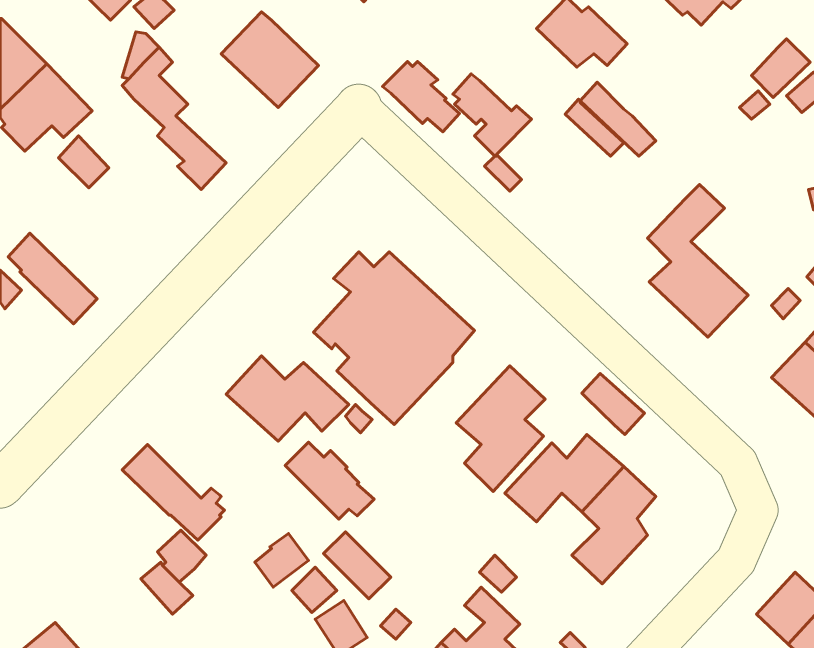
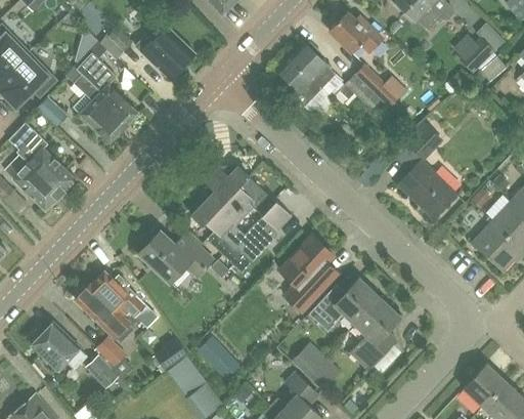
building: none -> [98,27,132,59]
building: [382,61,460,132] -> [288,42,335,85]
building: none -> [74,73,123,142]
building: none -> [8,121,75,195]
building: [582,374,644,434] -> none
building: [285,442,374,519] -> [90,269,144,317]
building: none -> [31,326,85,369]
building: none -> [306,355,339,388]

